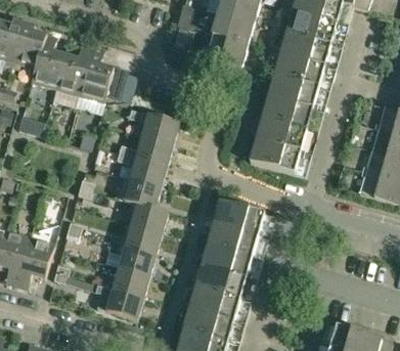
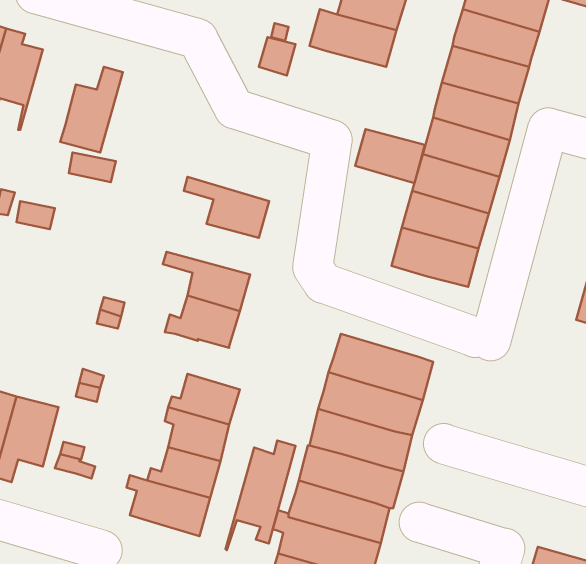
building: [33,34,65,88] -> none
building: [207,35,248,67] -> [355,129,425,183]
building: [80,47,127,101] -> none
building: [119,136,173,166] -> none
building: [131,204,168,233] -> none
building: none -> [225,440,296,550]

